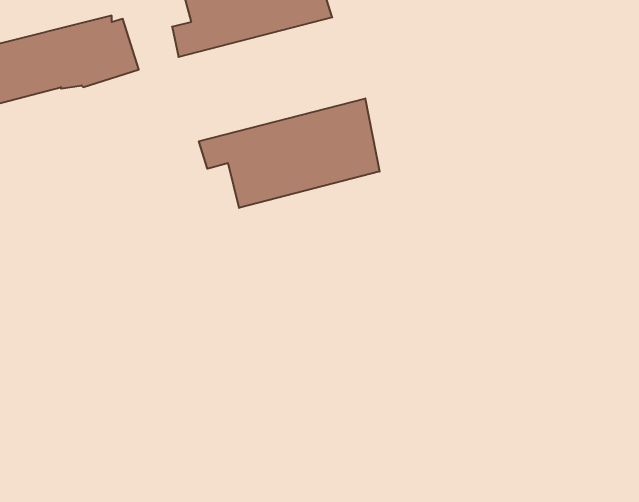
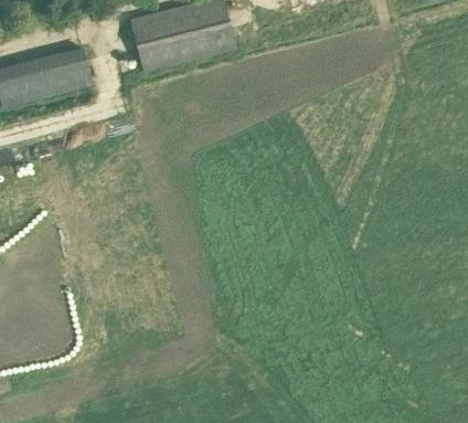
building: [199,98,380,208] -> none

